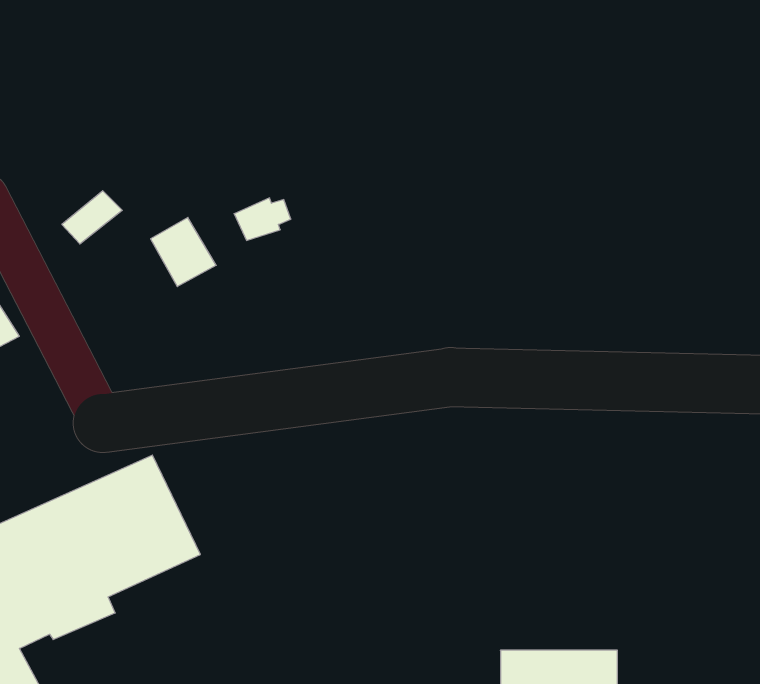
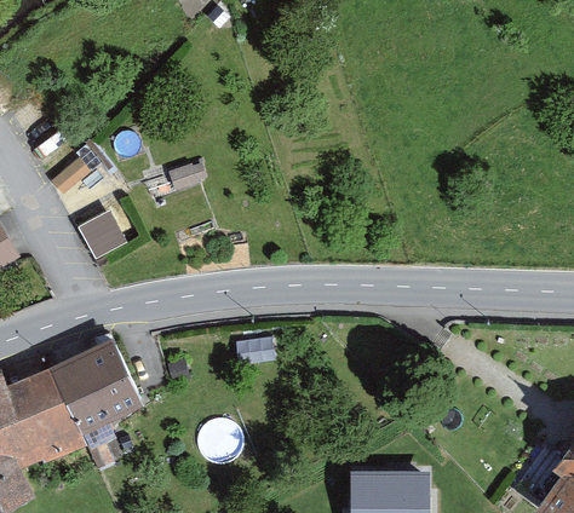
building: [151,217,216,287] -> [76,212,121,259]

